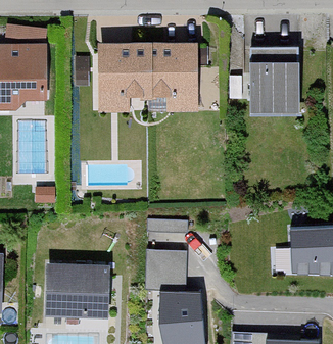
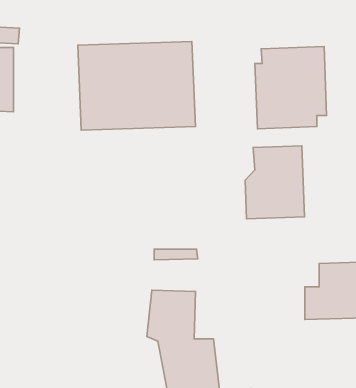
building: none -> [245,146,305,219]
building: [40,262,102,315] -> none

